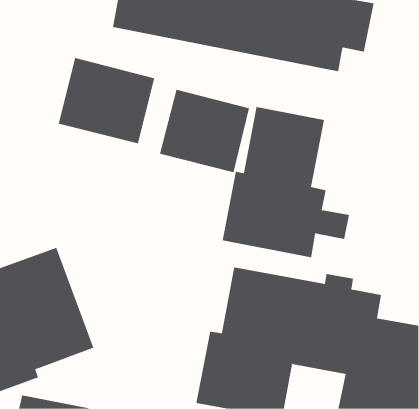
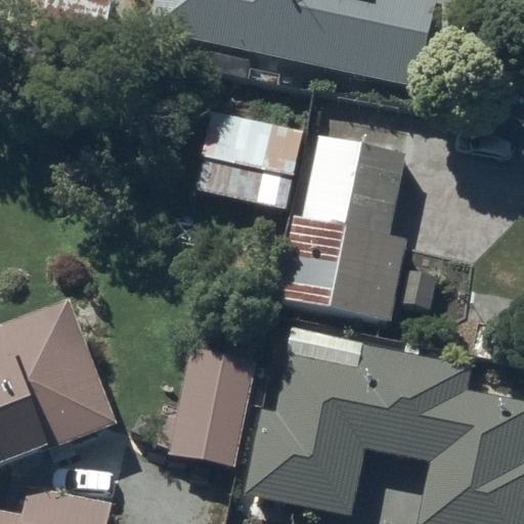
building: [58,57,155,144] -> none
building: none -> [157,335,256,469]

